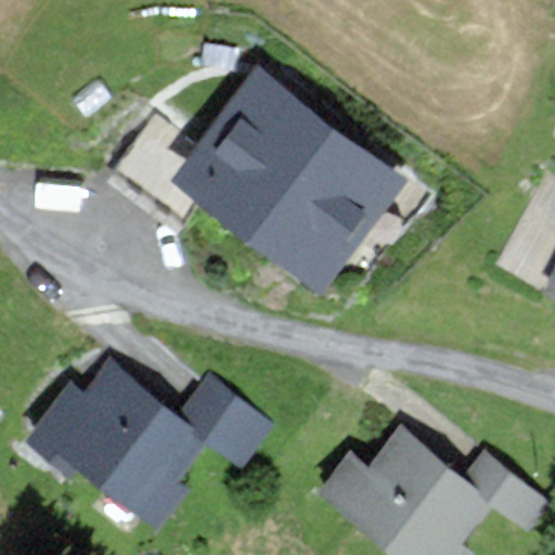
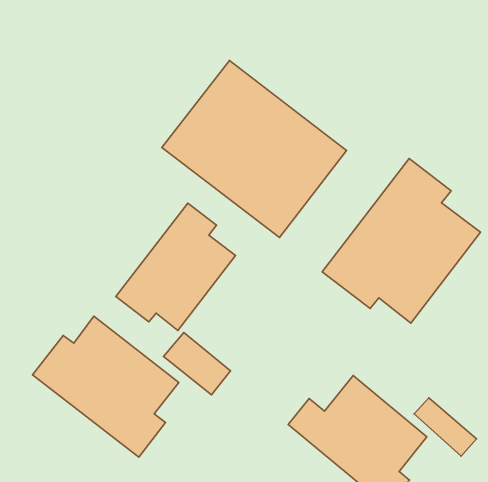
building: none -> [322,159,480,323]
building: none -> [116,203,236,330]

